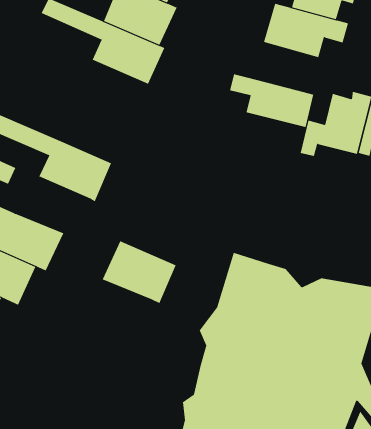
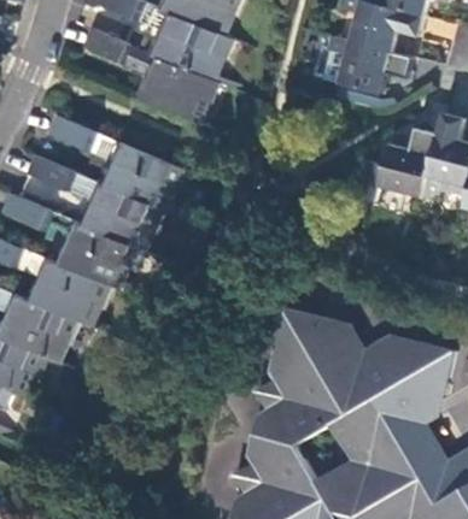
building: [230,74,314,128] -> none
building: none -> [47,113,181,210]
building: [102,241,176,304] -> [54,220,135,289]

